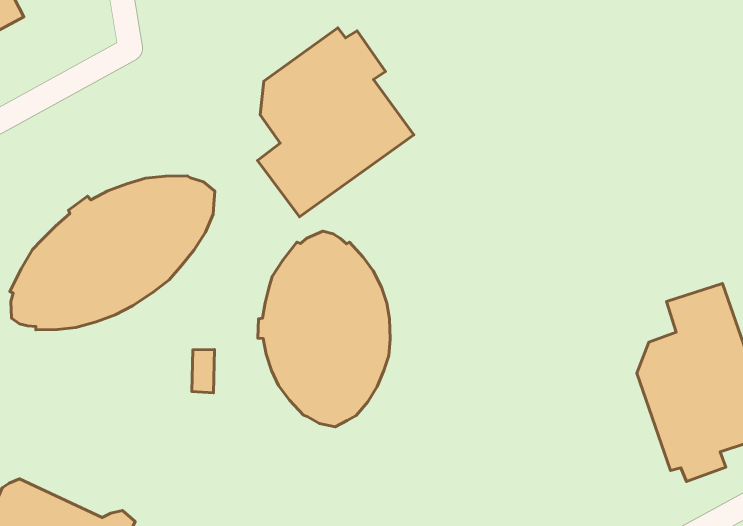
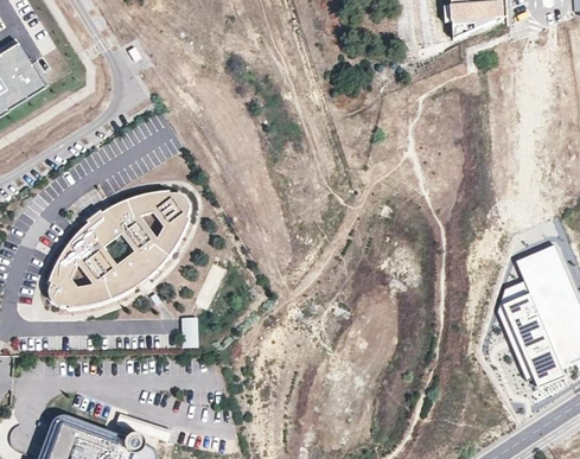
building: [258,28,414,217] -> none
building: [258,231,390,427] -> none

